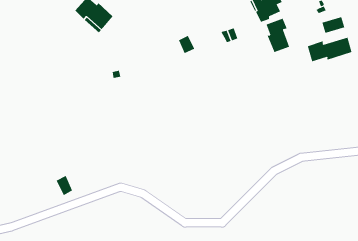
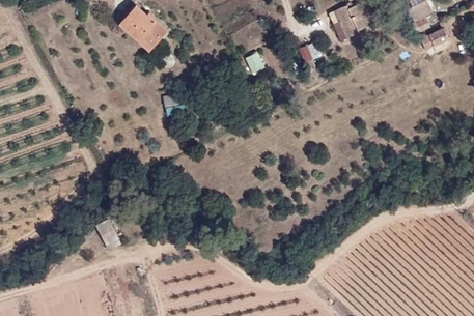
building: [266,18,290,53] -> none
building: [307,37,352,62] -> none

